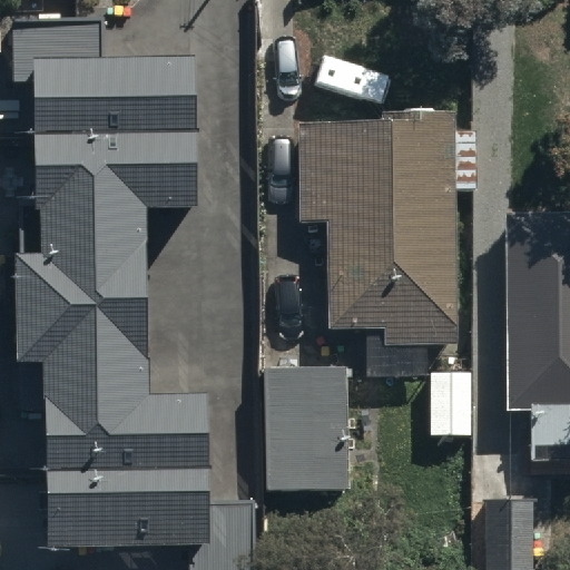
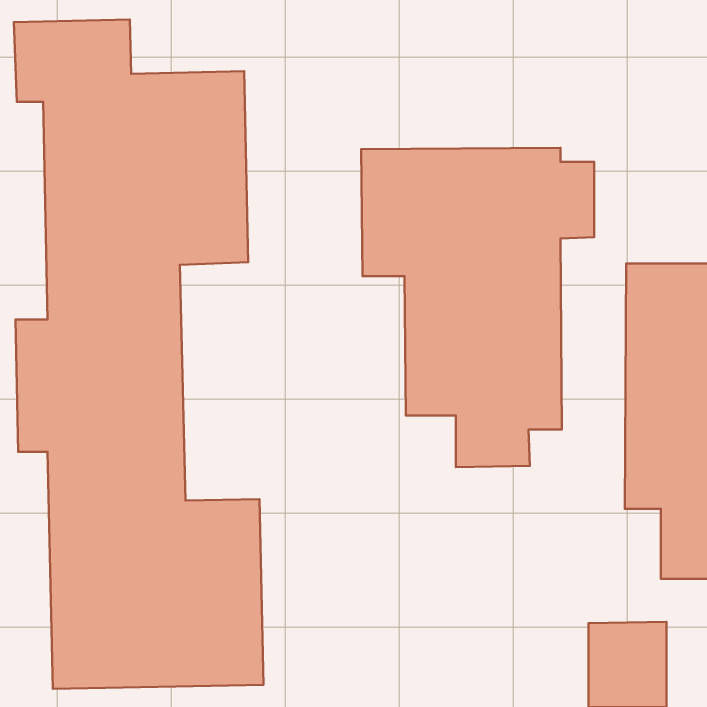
building: [261,361,350,491] -> none

